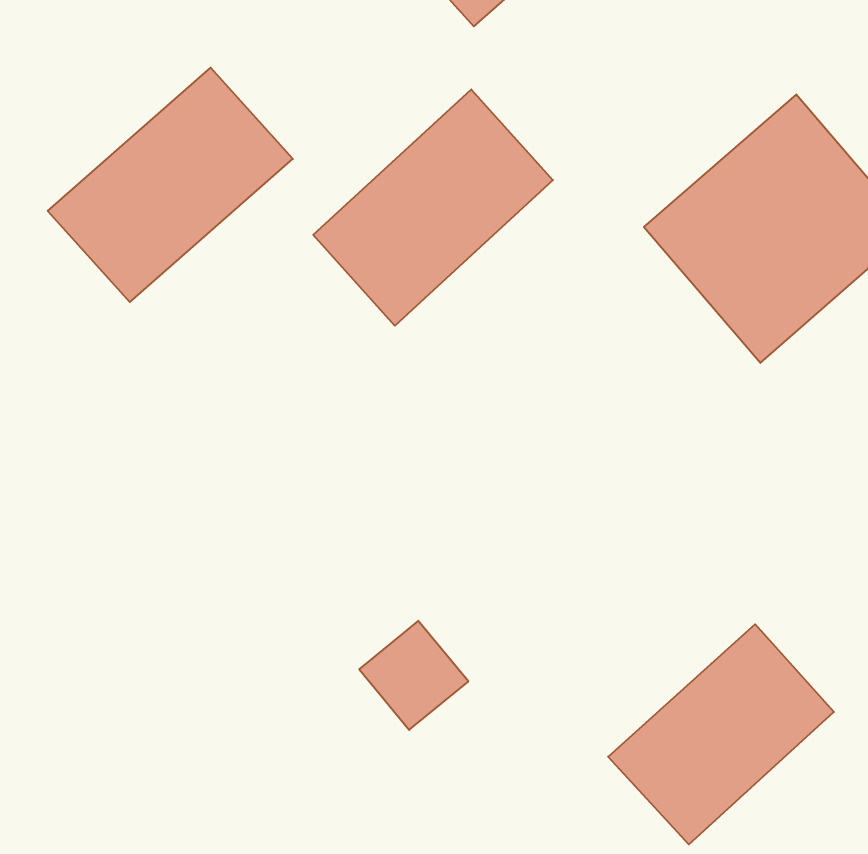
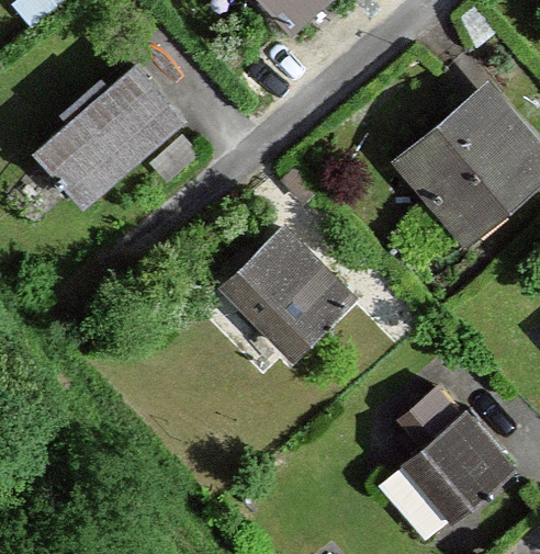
building: [313,89,553,326] -> none
building: none -> [217,223,353,359]

